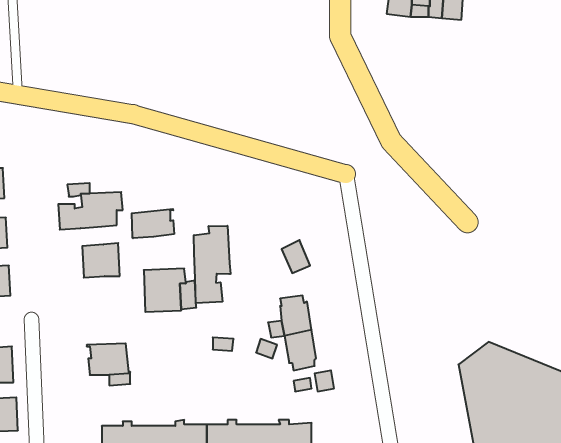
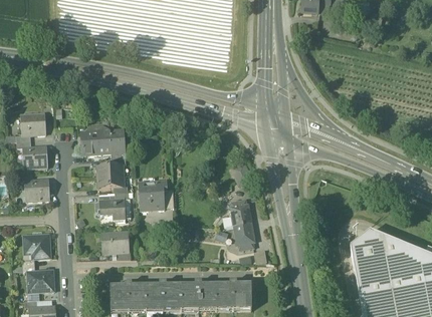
building: [132,209,174,238] -> none
building: [194,226,231,303] -> none
building: none -> [99,198,125,220]

